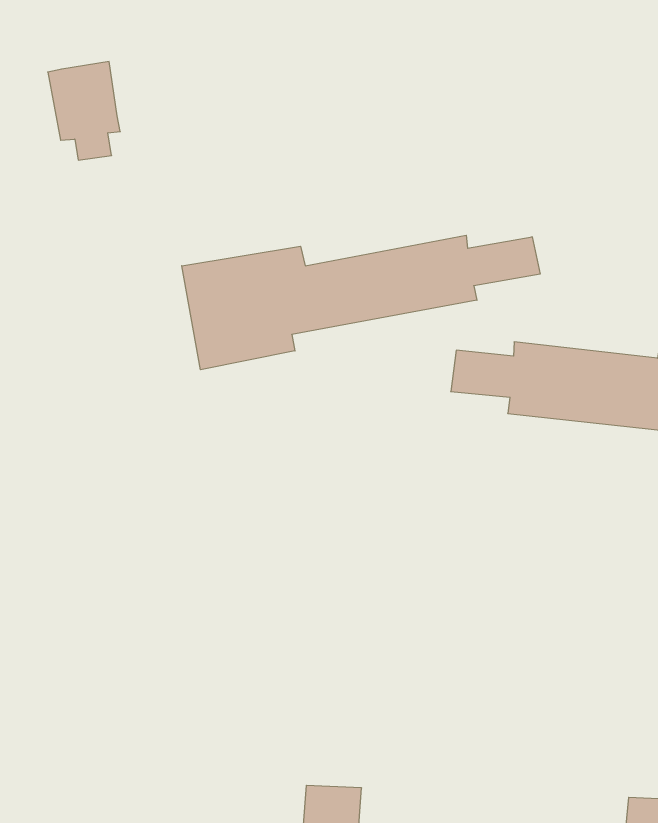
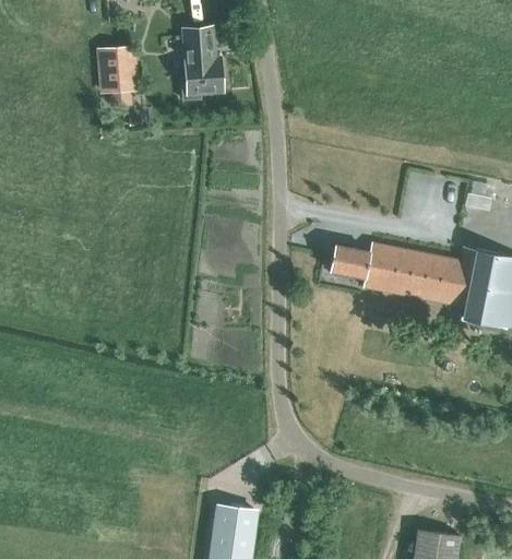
building: none -> [181,26,224,100]
building: [182,235,540,370] -> none

